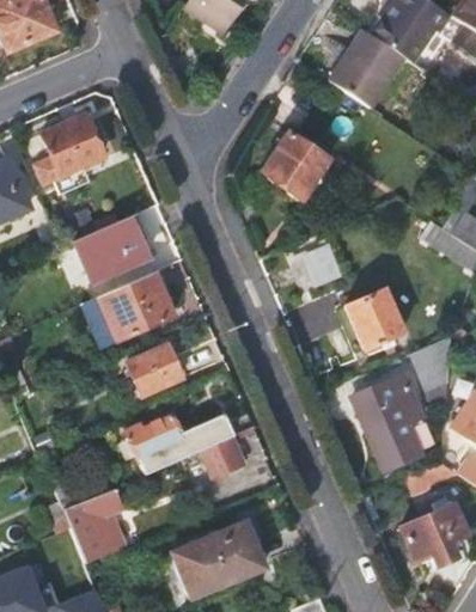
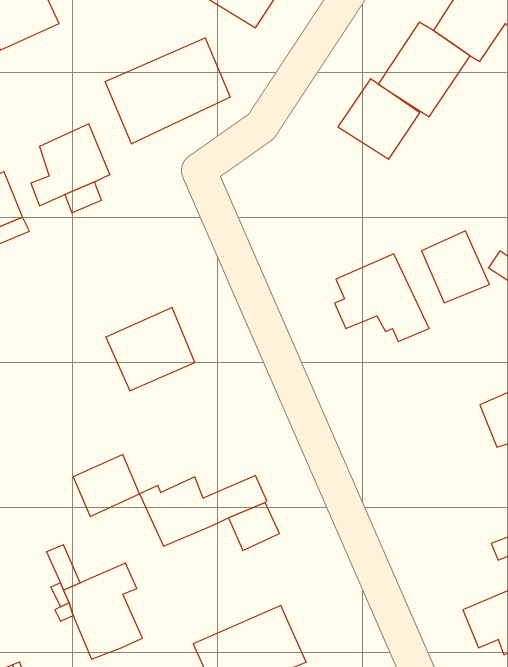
building: none -> [105,38,230,144]
building: [258,136,328,204] -> [338,79,420,159]
building: [74,215,148,282] -> none
building: [346,288,403,349] -> [422,231,489,303]
building: [128,343,184,396] -> [73,454,140,517]
building: [354,374,422,471] -> none

